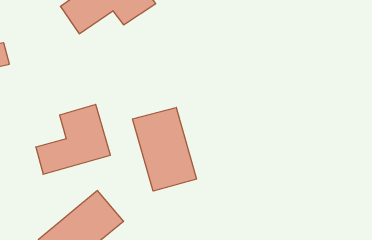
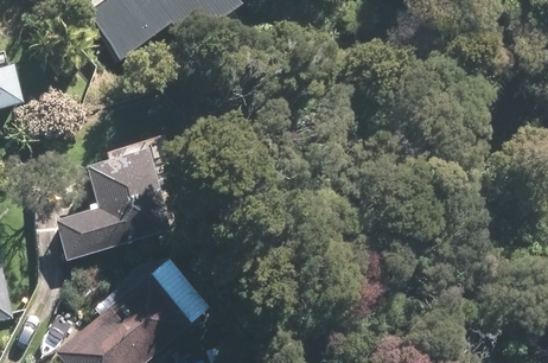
building: [132,107,196,191] -> none

